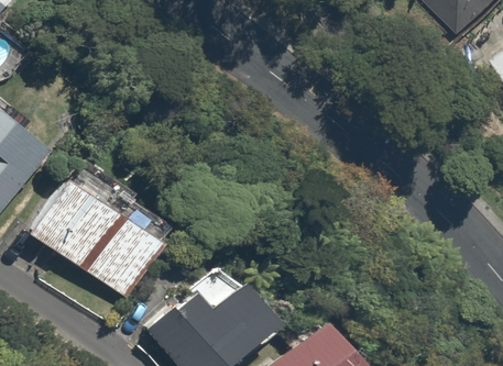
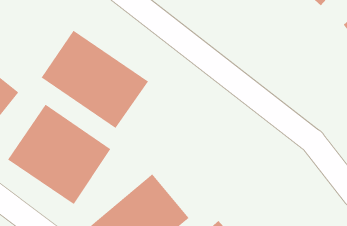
building: none -> [41,30,149,129]

